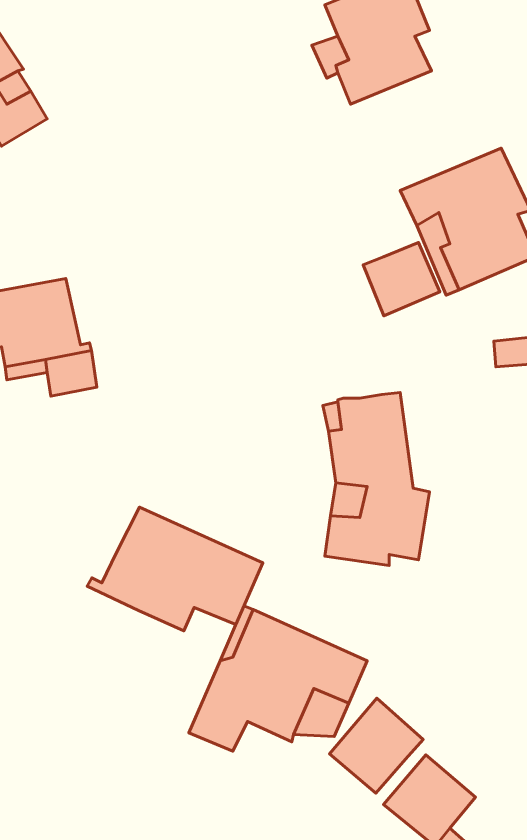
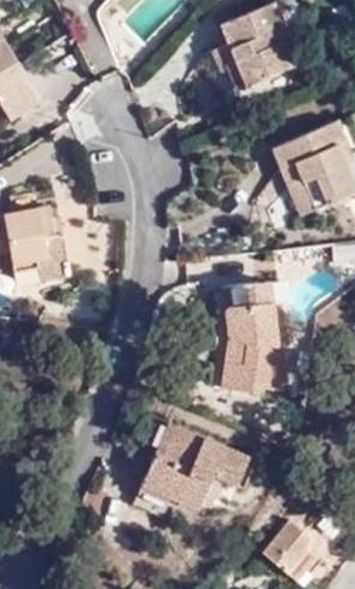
building: [363,242,440,316] -> none
building: [87,507,263,631] -> none
building: [329,698,423,793] -> none

